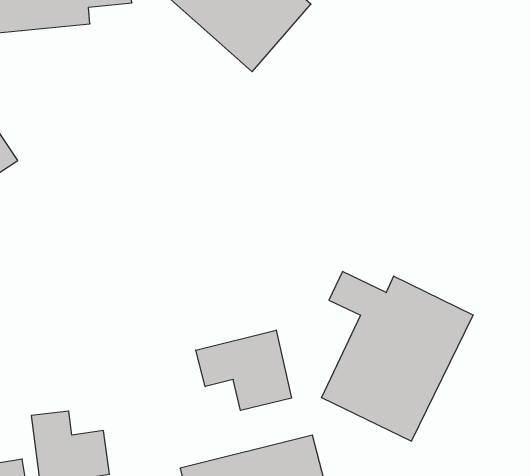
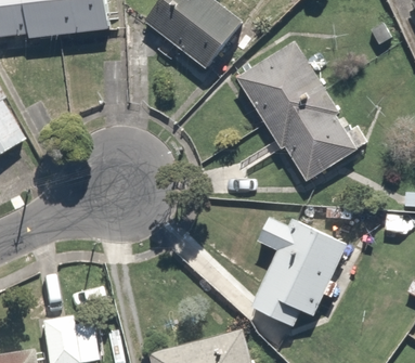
building: none -> [241,41,360,181]
building: [196,330,292,410] -> none

